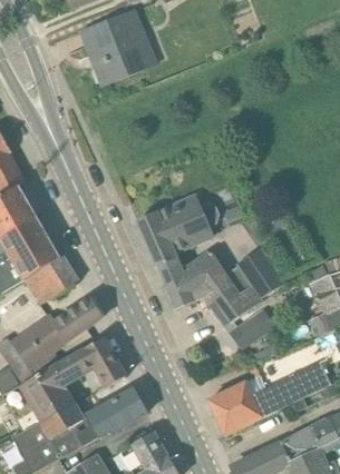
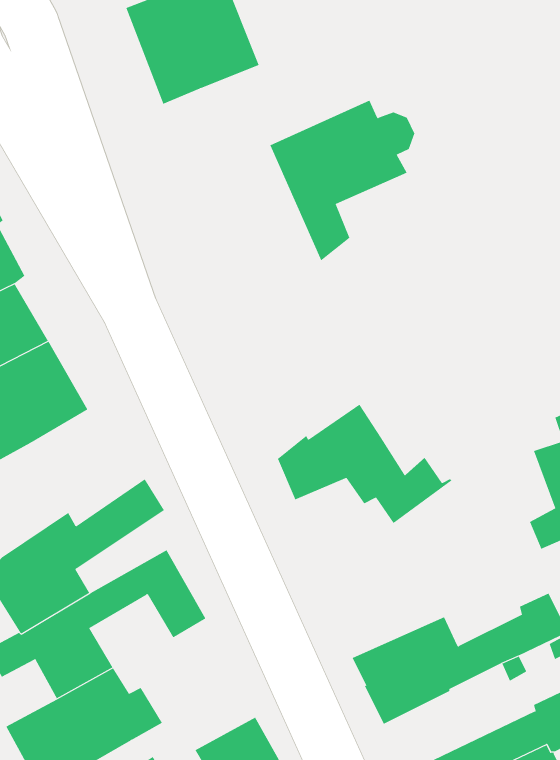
building: [136,194,218,285] -> [270,100,415,261]
building: [224,248,283,298] -> none
building: [26,257,75,303] -> none
building: [227,307,274,349] -> none
building: [87,387,146,437] -> none

